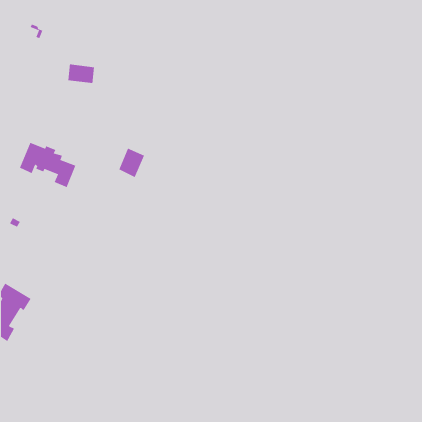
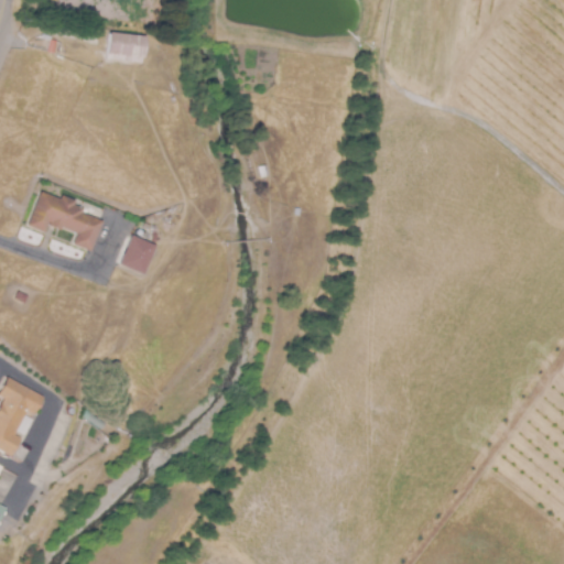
building: [67,64,95,84] -> [108,31,144,57]
building: [118,148,145,178] -> [120,236,155,275]

